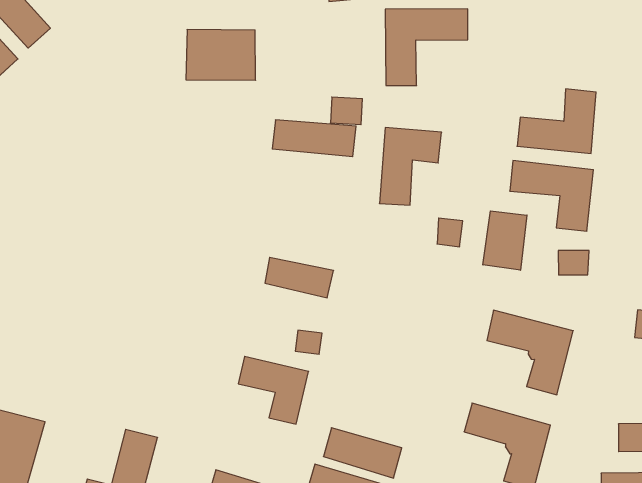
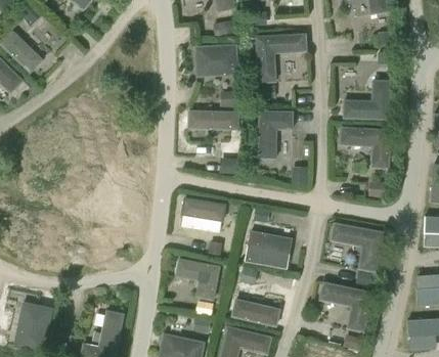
building: [186,30,256,80] -> [193,44,238,78]
building: [483,211,527,270] -> none
building: none -> [244,231,292,269]

